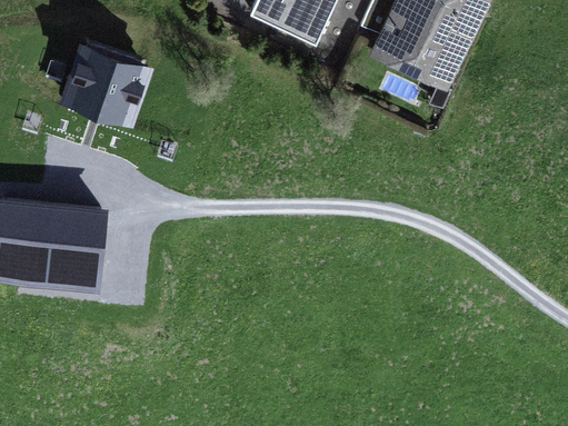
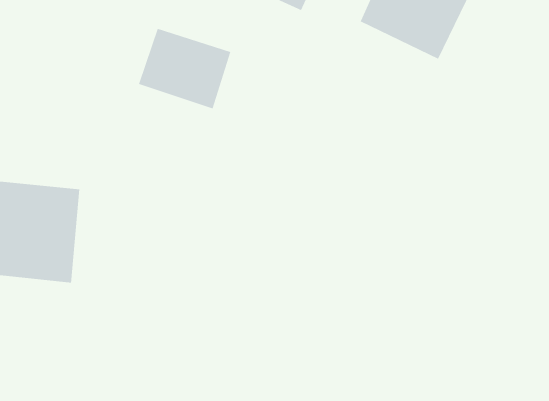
building: [61,48,148,123] -> [138,28,231,109]

